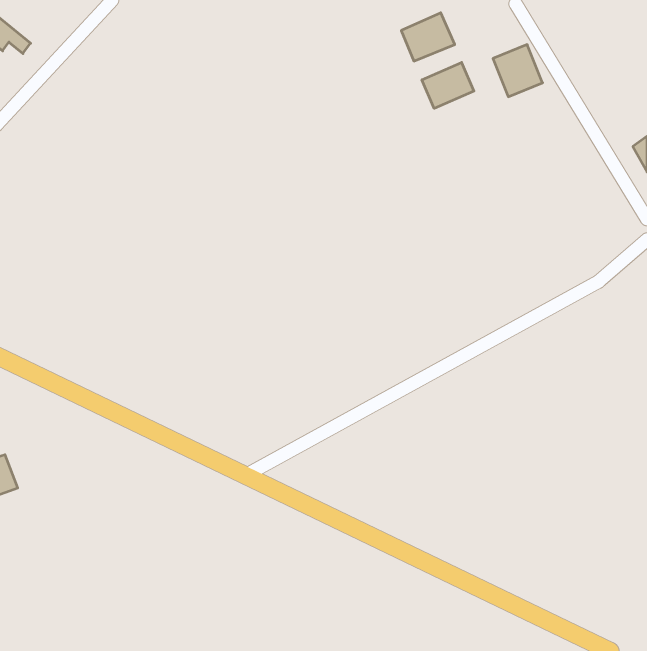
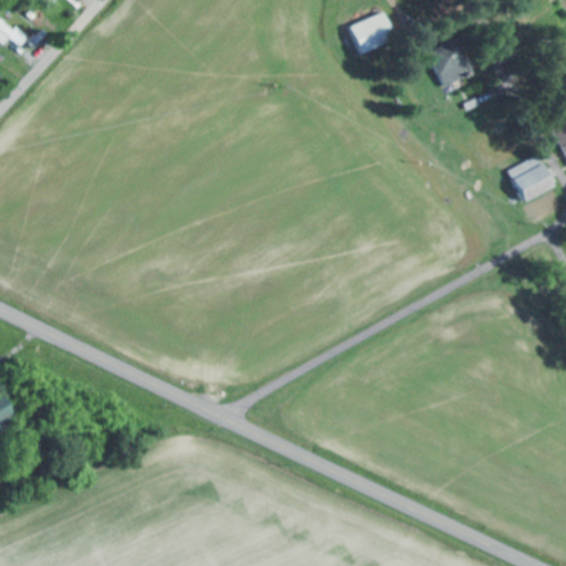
building: [422,62,474,108] -> none
building: none -> [506,155,555,202]

